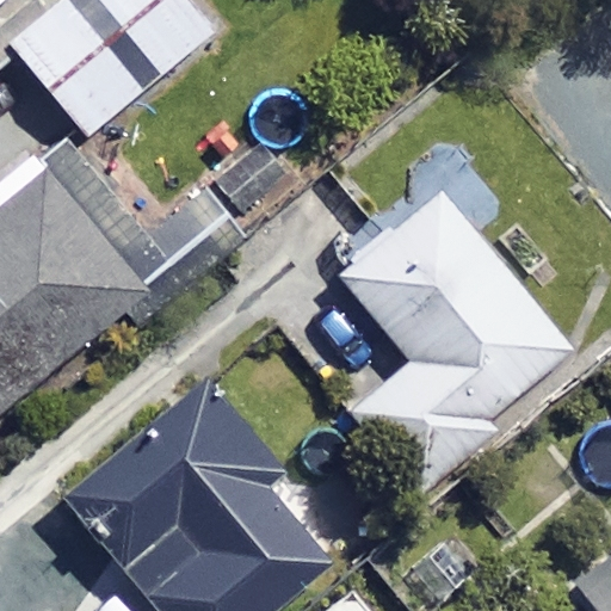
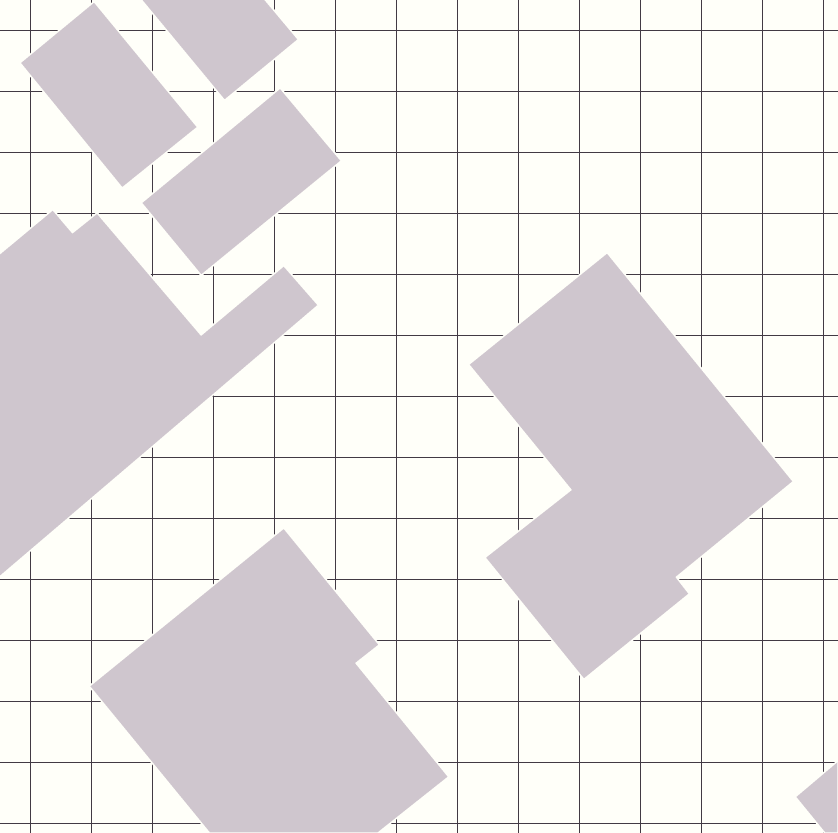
building: none -> [141,88,342,276]

